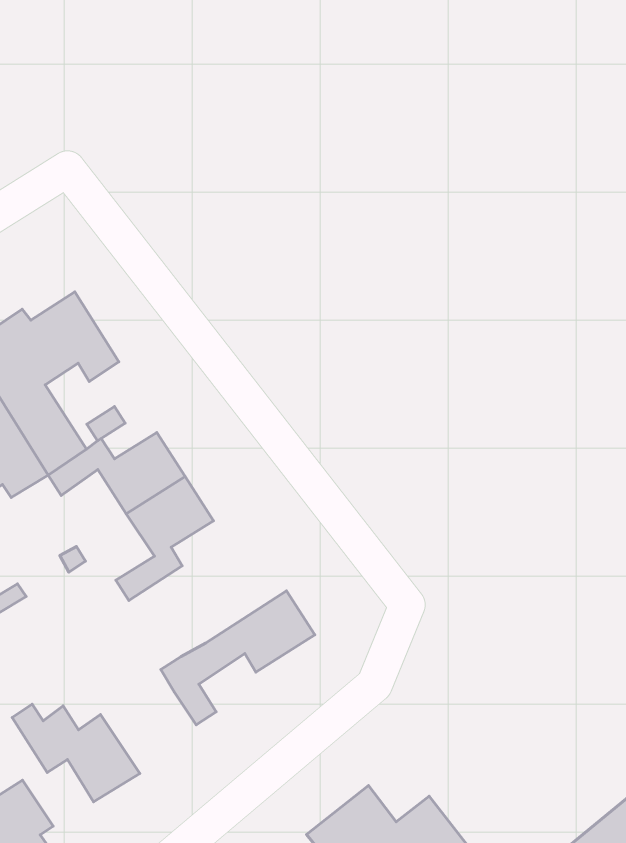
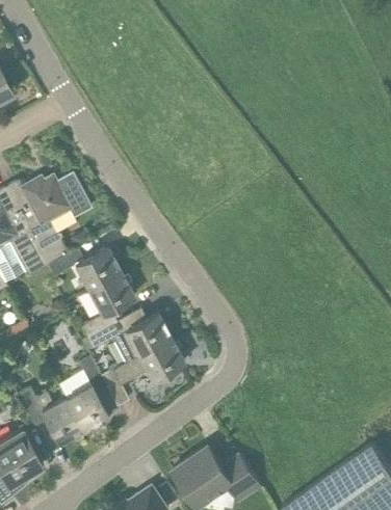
building: none -> [82,314,172,364]
building: none -> [59,357,109,431]

